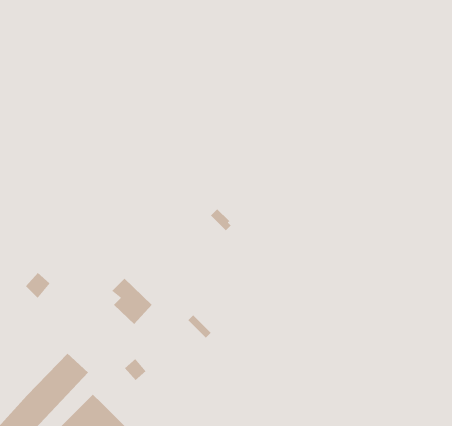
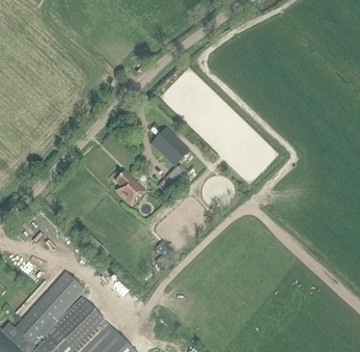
building: none -> [151,129,185,161]
building: [112,278,153,325] -> [116,171,146,206]

